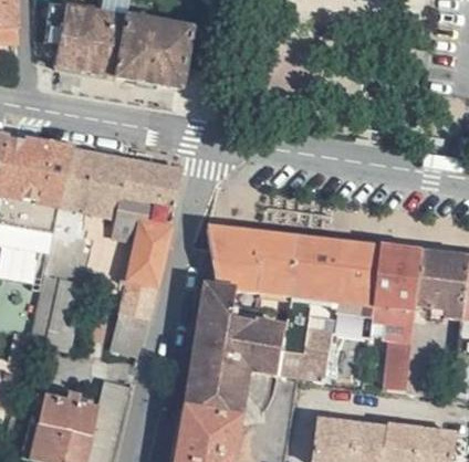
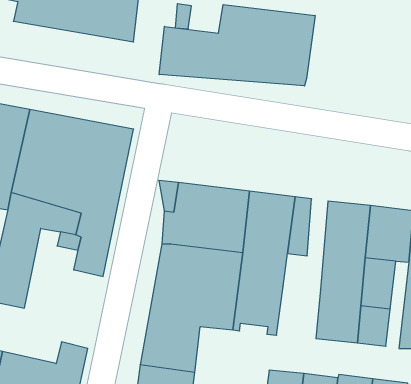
building: none -> [159,5,315,86]
building: [331,241,376,333] -> none
building: [114,313,148,356] -> none

